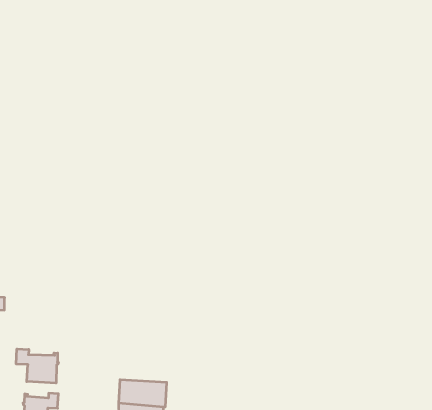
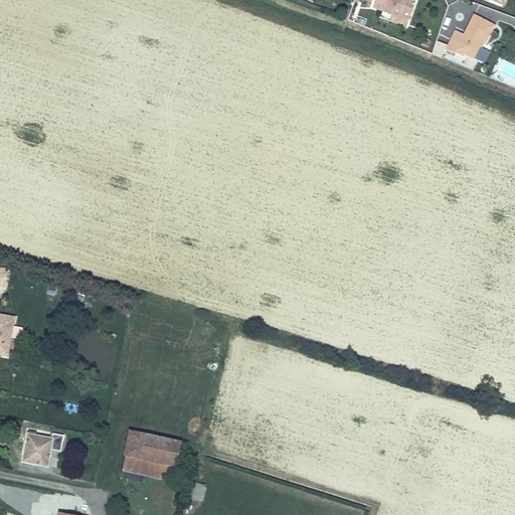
building: [16,349,58,383] -> none

